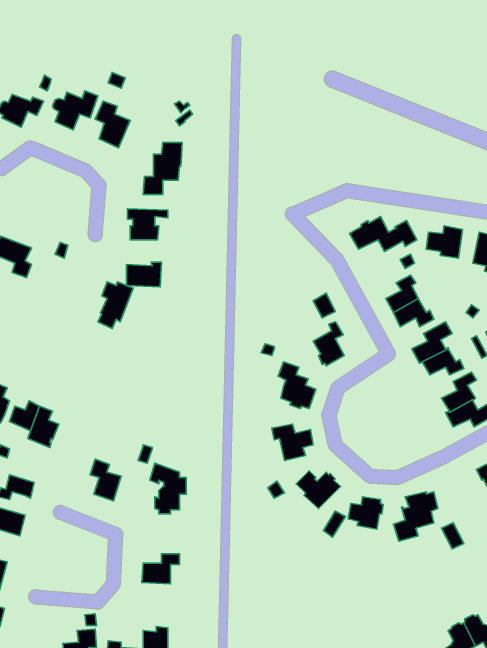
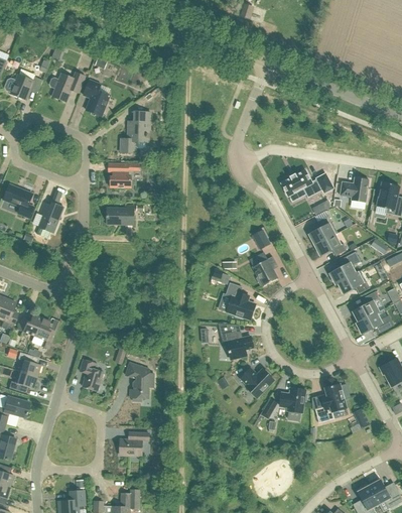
building: [98,282,133,328] -> [36,202,63,238]
building: none -> [16,352,39,376]

